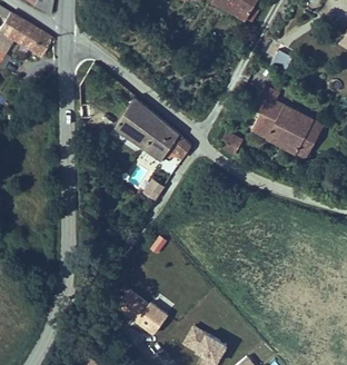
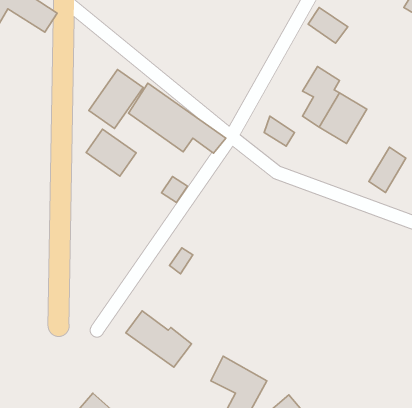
building: none -> [89,69,143,128]
building: [290,122,320,159] -> [369,147,406,193]
building: none -> [86,129,136,176]

